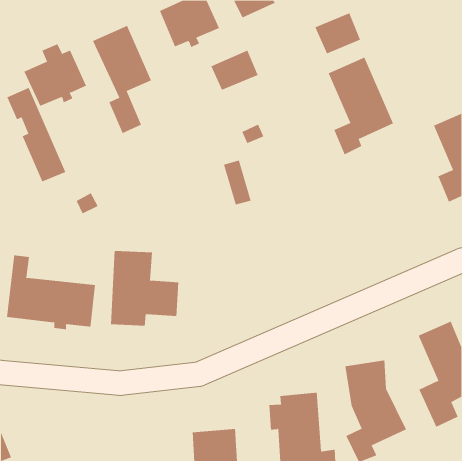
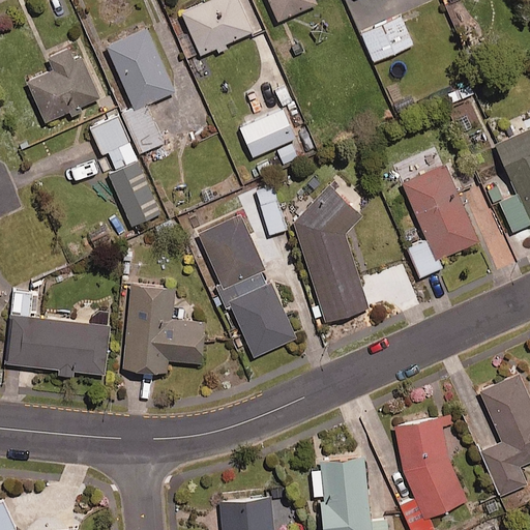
building: [211,50,259,91] -> [240,111,295,157]
building: [328,57,394,155] -> [403,166,478,278]
building: [7,87,66,182] -> [92,118,160,227]
building: none -> [295,187,369,323]
building: none -> [201,216,296,357]

